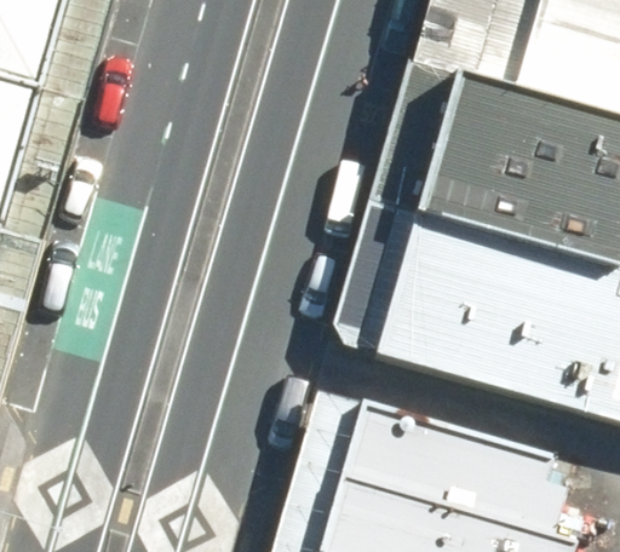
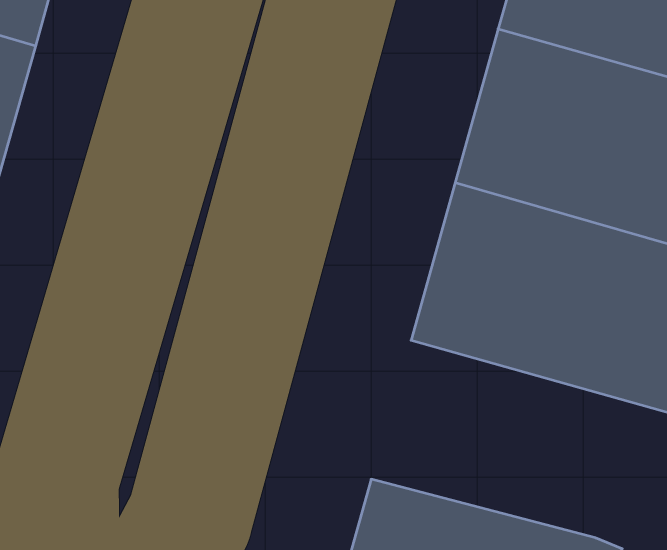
building: [345,403,562,534] -> none

